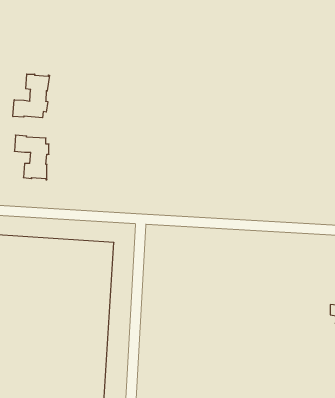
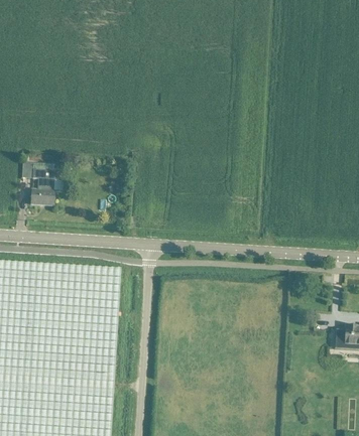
building: [13,74,49,118] -> none

